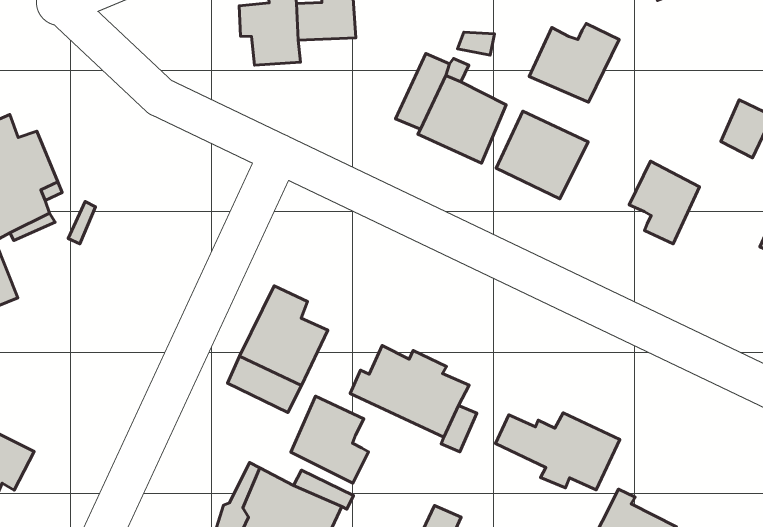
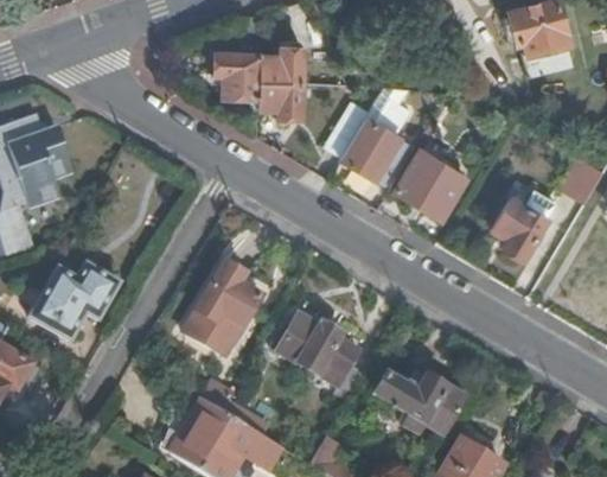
building: [529,23,619,102] -> none
building: none -> [257,80,301,115]
building: none -> [31,261,123,337]
building: [291,396,368,483] -> none

